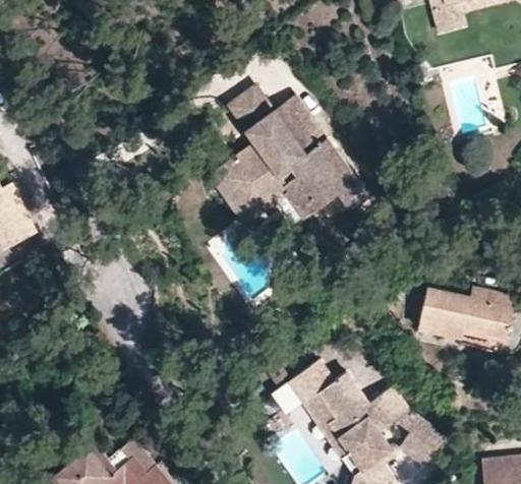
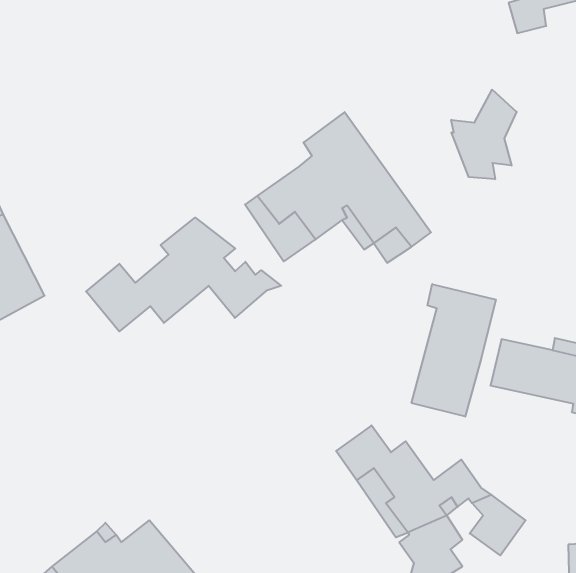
building: none -> [451,90,517,179]
building: [232,86,277,142] -> none
building: none -> [86,218,281,331]
building: none -> [412,284,496,417]

